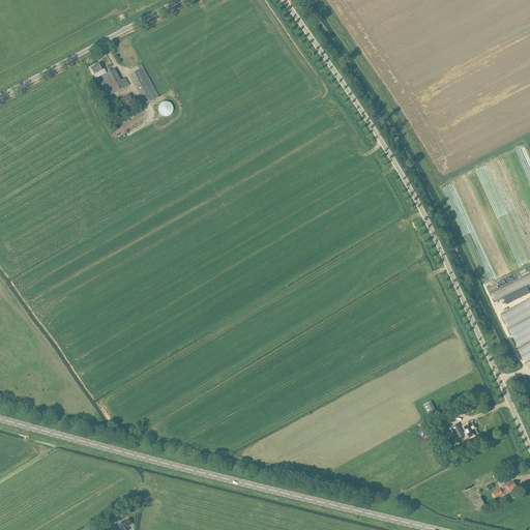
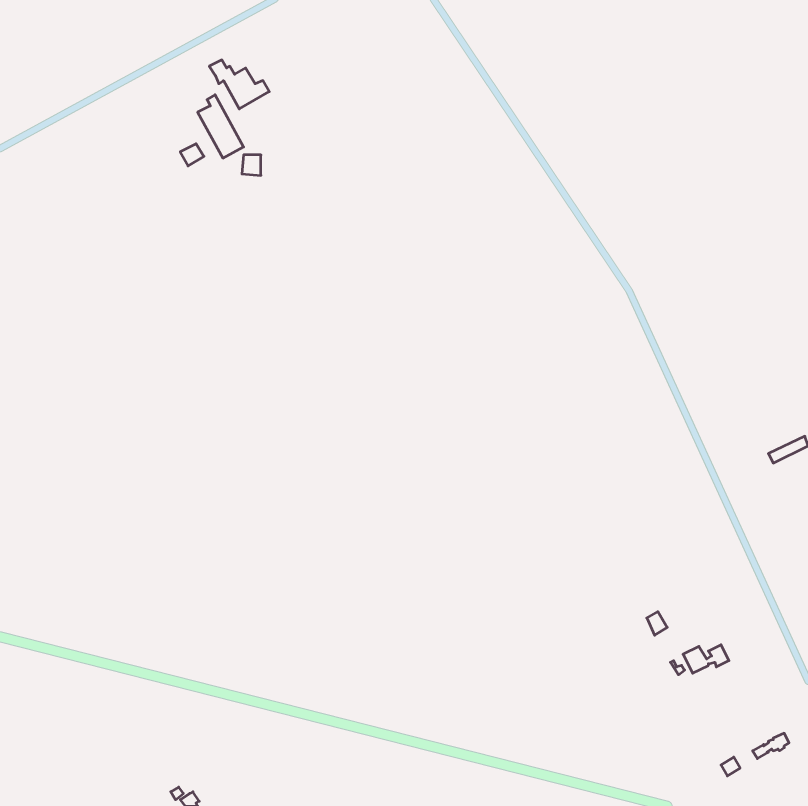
building: [90,63,129,95] -> [209,60,269,109]

